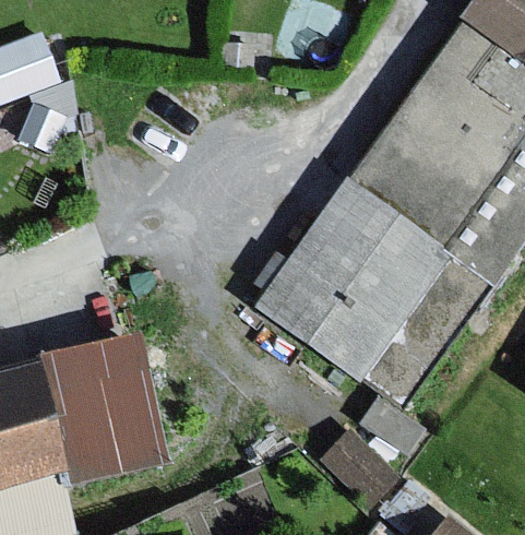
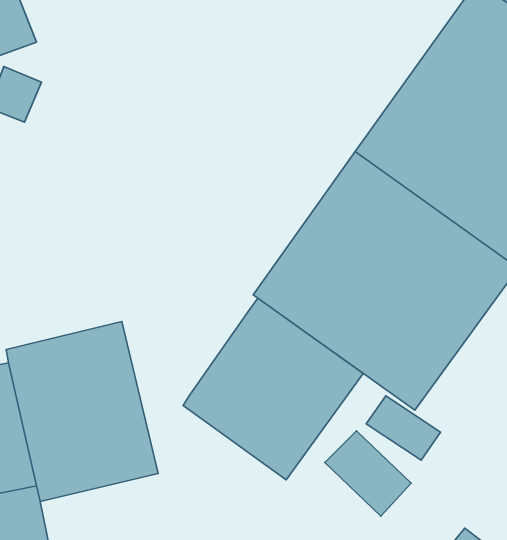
building: none -> [183,298,363,480]

